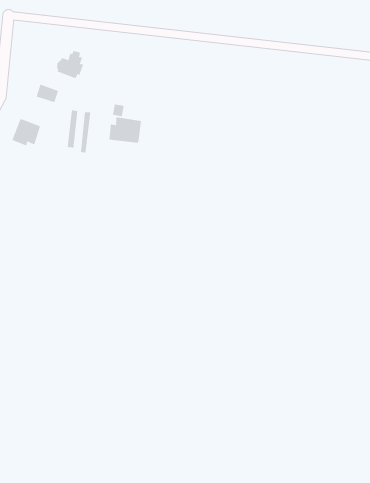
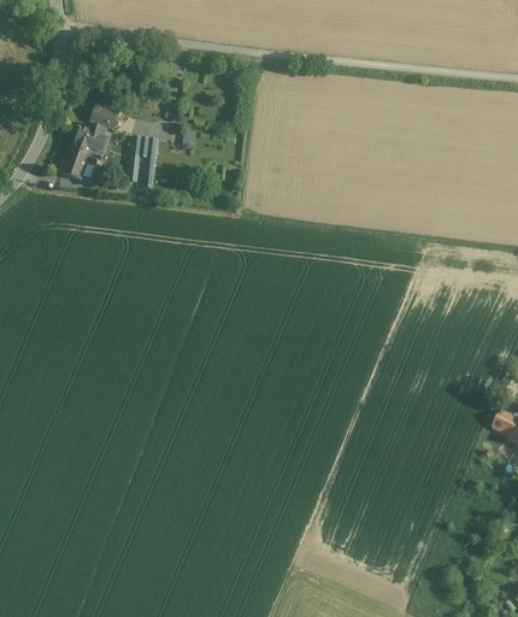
building: [57,51,84,79] -> [73,121,106,154]
building: [109,117,141,144] -> none

